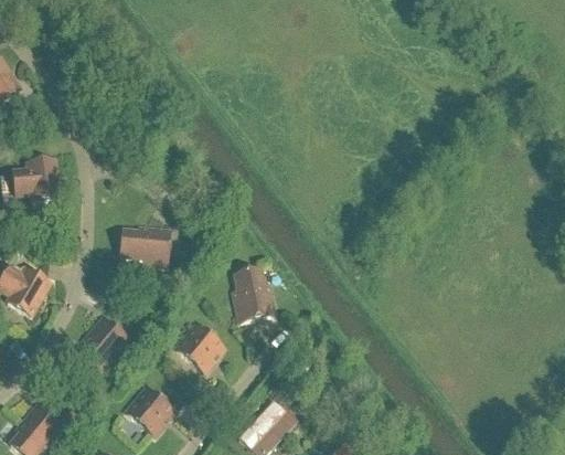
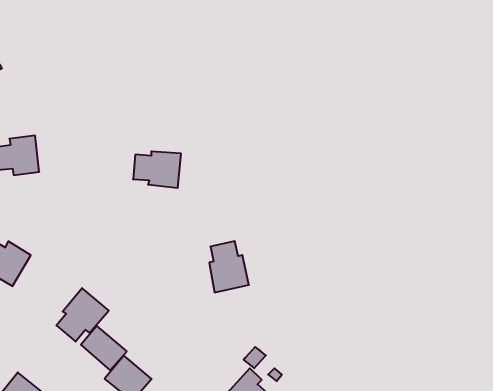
building: [120,225,170,263] -> [133,151,181,188]
building: [175,322,224,370] -> none
building: none -> [81,326,127,370]

